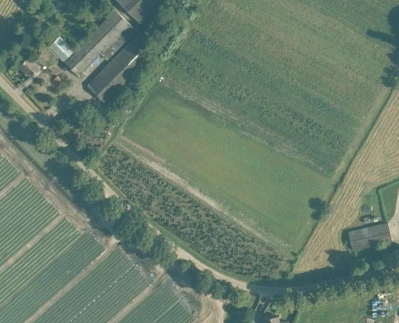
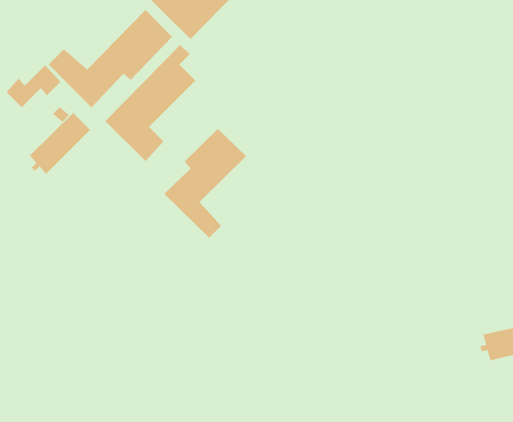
building: none -> [29,112,91,174]
building: none -> [164,128,247,239]

